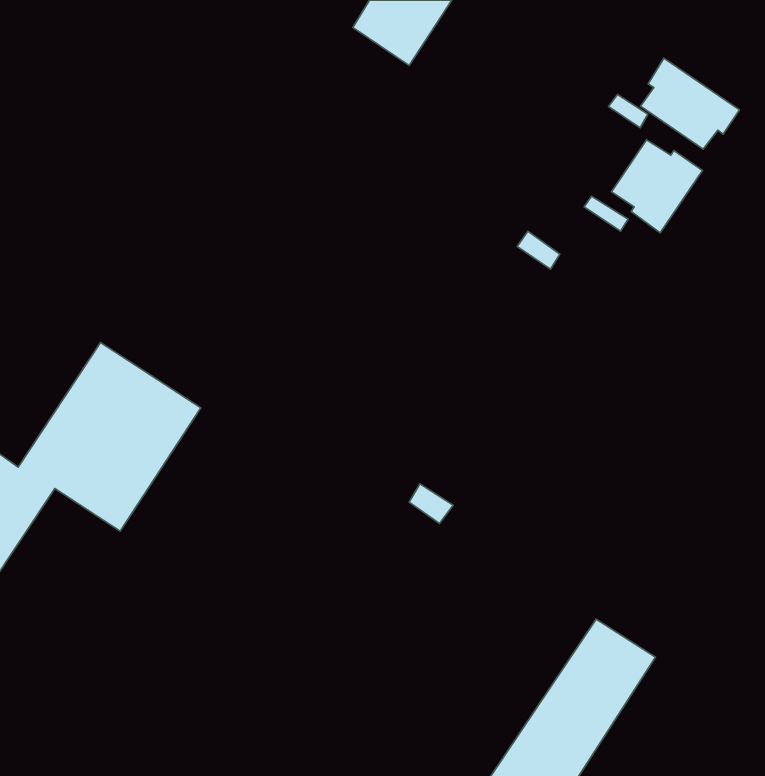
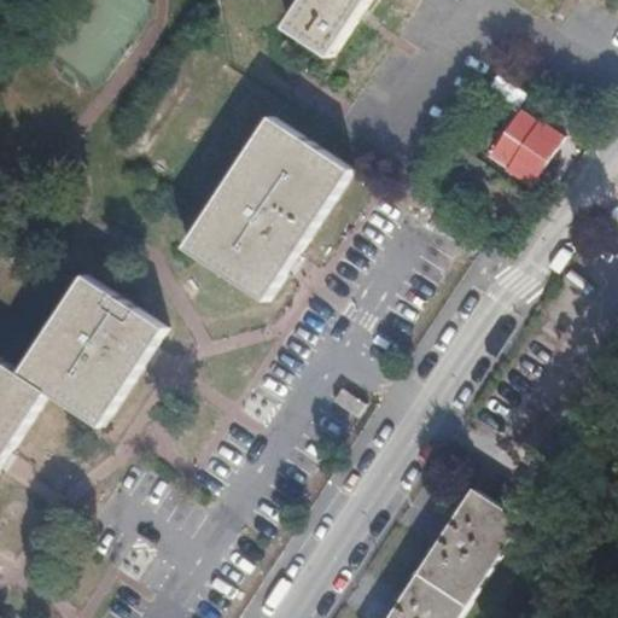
building: [641,58,740,149] -> none
building: none -> [182,116,346,296]

